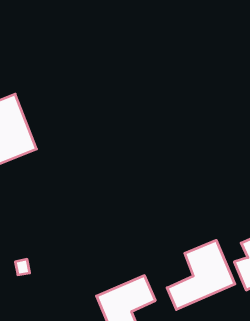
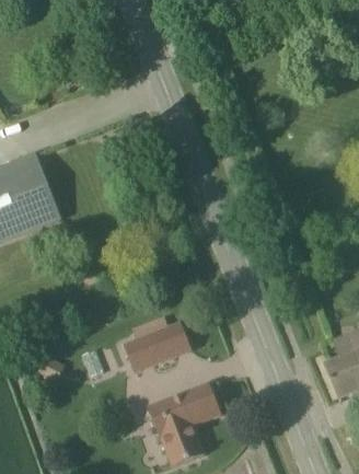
building: none -> [123,321,192,371]
building: [167,240,235,310] -> none

